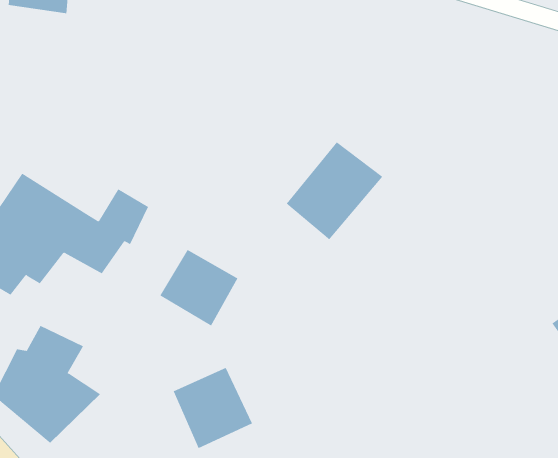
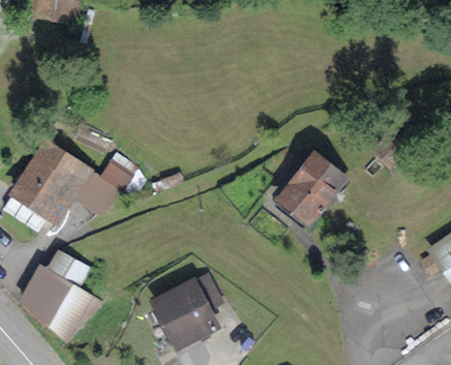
building: [286,142,383,240] -> [276,151,348,223]
building: [159,249,238,326] -> none

